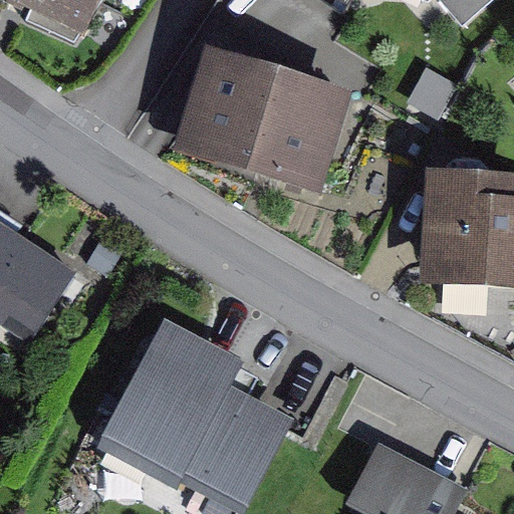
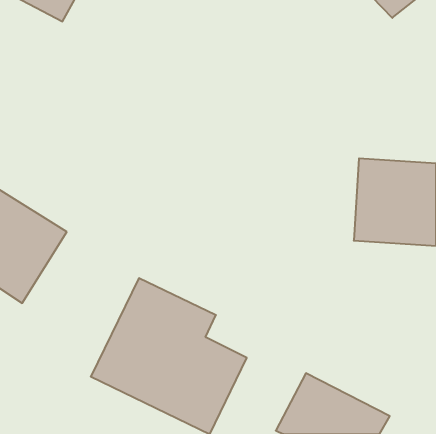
building: [184,44,354,186] -> none

